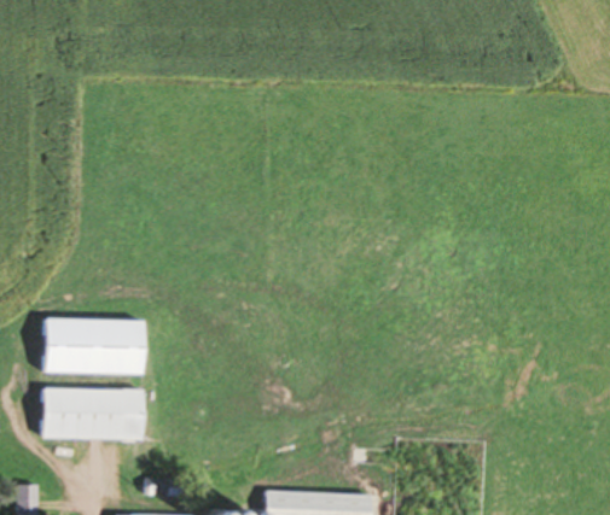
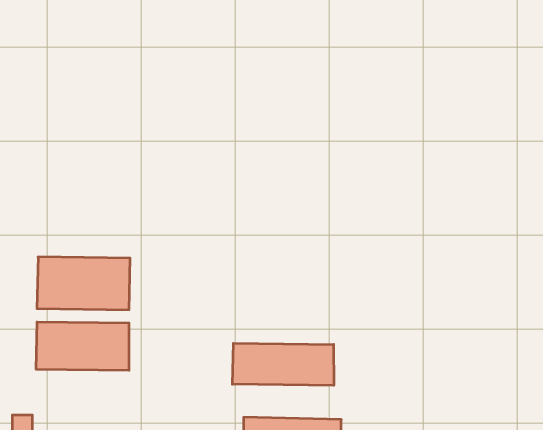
building: none -> [232,343,334,385]

